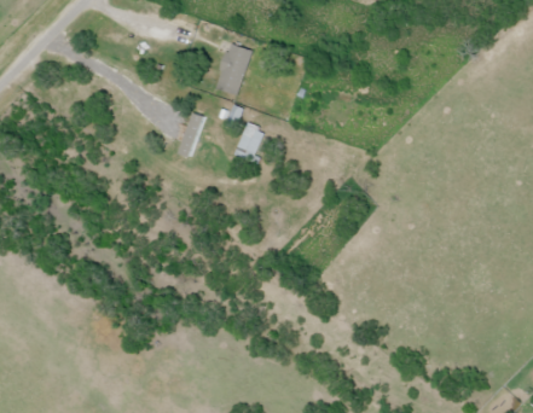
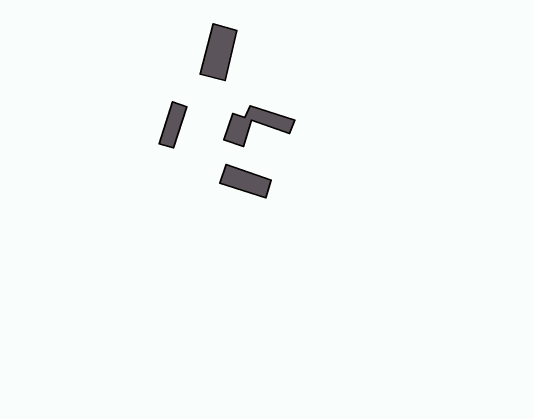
building: none -> [220,165,271,198]

